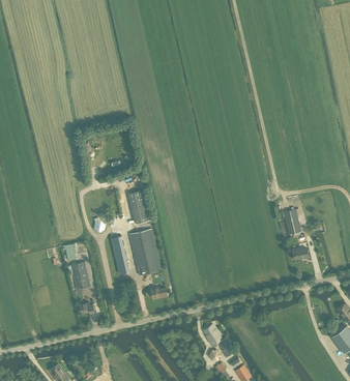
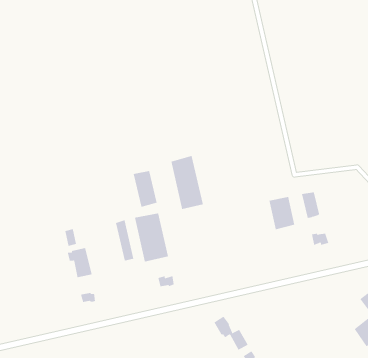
building: none -> [171,155,203,210]
building: none -> [269,196,295,230]

